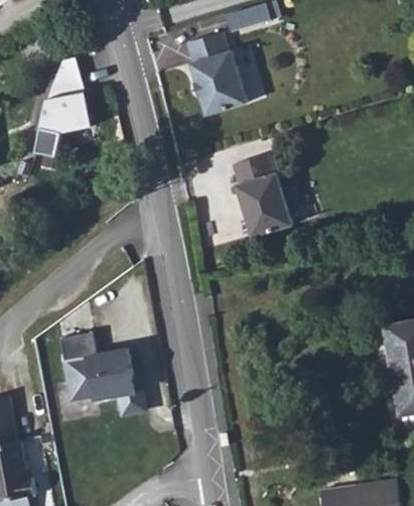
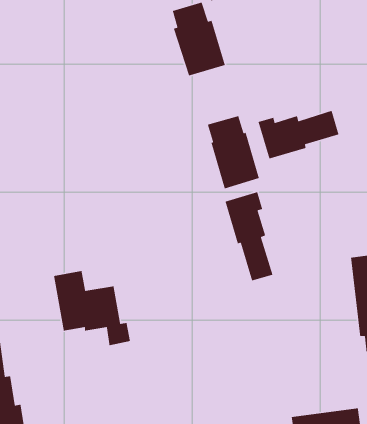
building: [36,55,98,152] -> none
building: none -> [258,110,339,159]
building: none -> [225,191,274,281]

